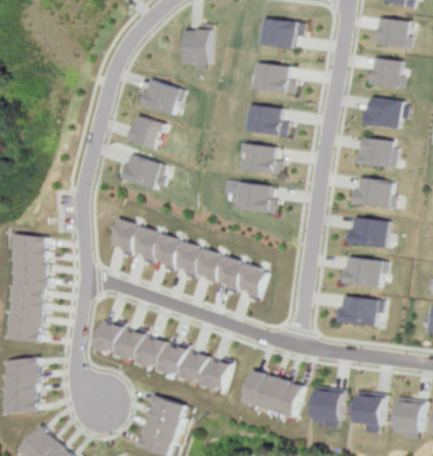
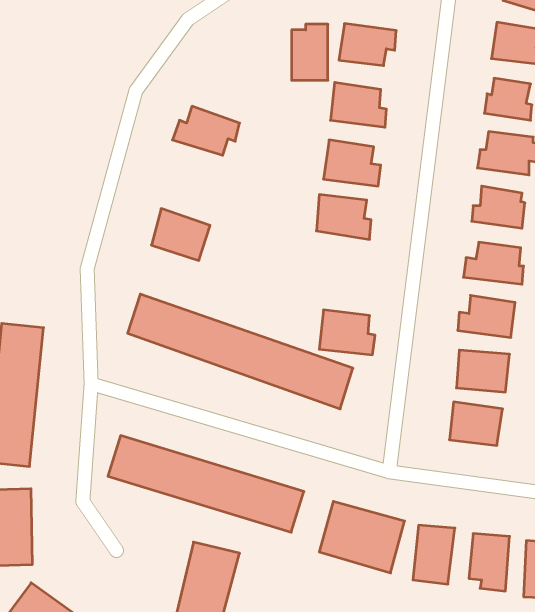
building: [185,25,211,66] -> [292,24,328,80]
building: [129,115,166,150] -> none
building: [238,181,279,214] -> [319,310,375,355]

